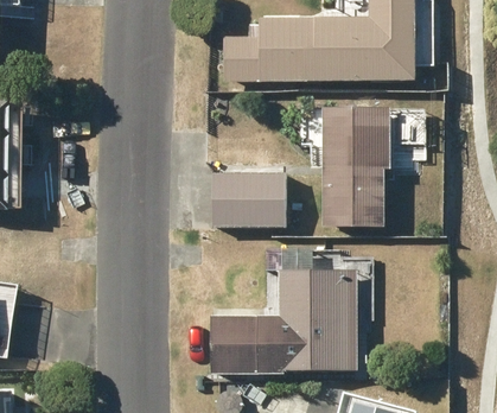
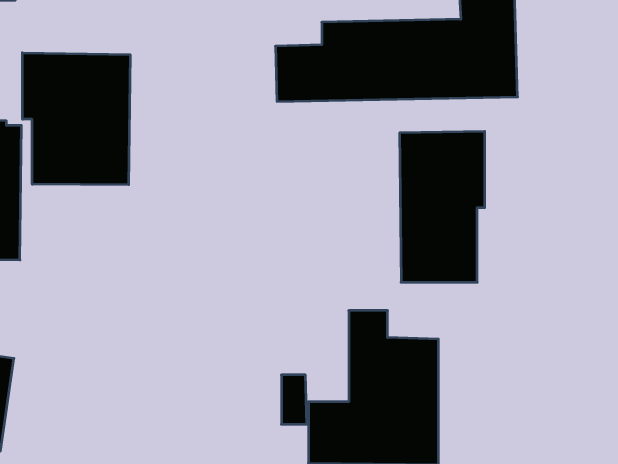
building: none -> [22,53,130,185]
building: [212,173,285,227] -> none

